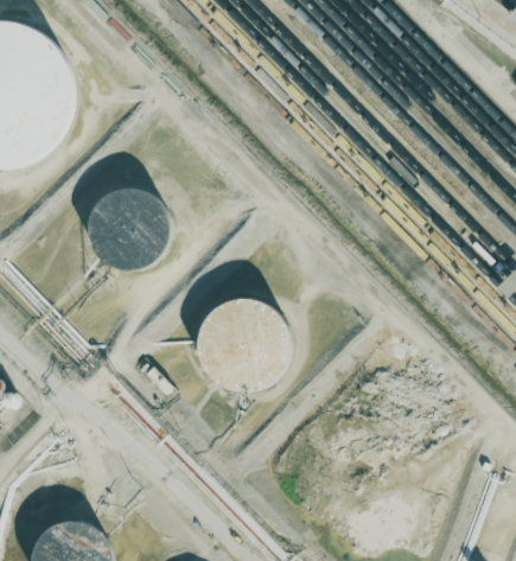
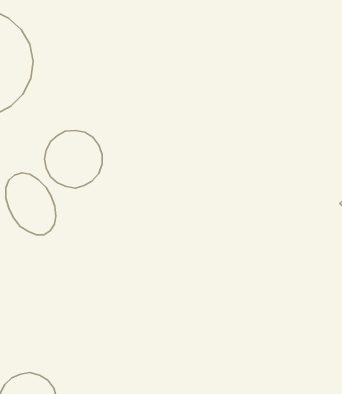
building: none -> [6,173,56,235]
building: [197,298,289,391] -> none

